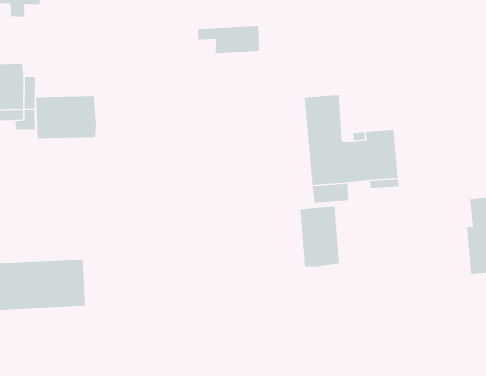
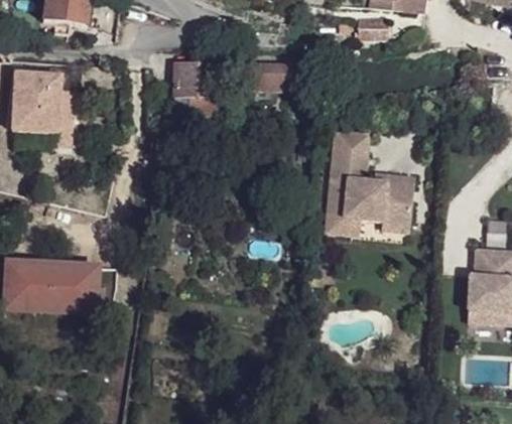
building: none -> [171,58,218,114]
building: [35,95,97,139] -> none
building: [299,206,340,268] -> none

